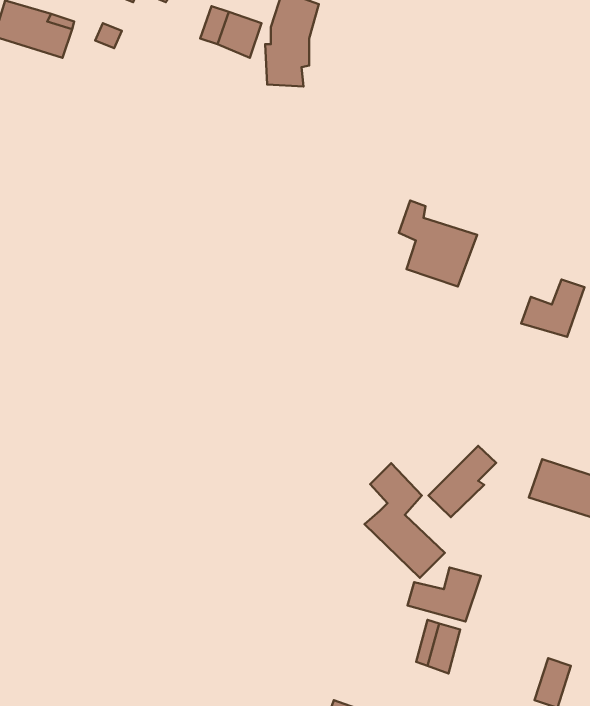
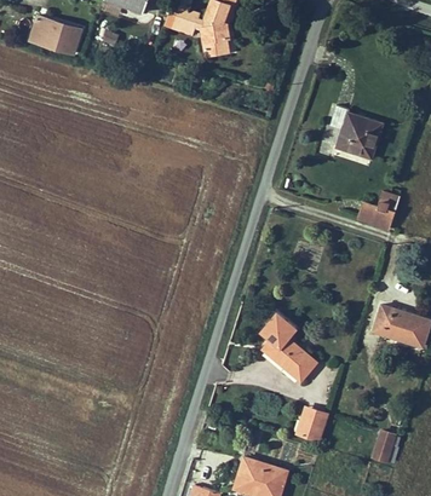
building: [399,200,477,287] -> [337,104,386,158]
building: [429,446,496,517] -> none
building: [407,567,481,621] -> none

